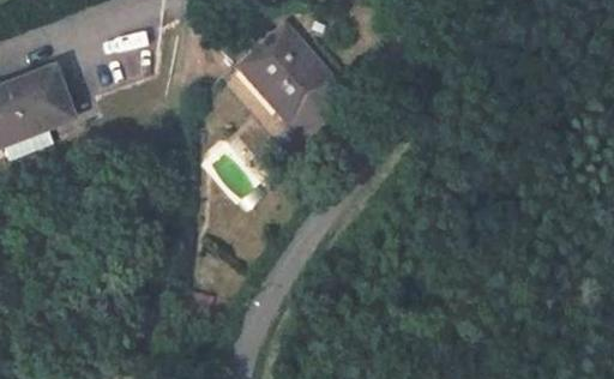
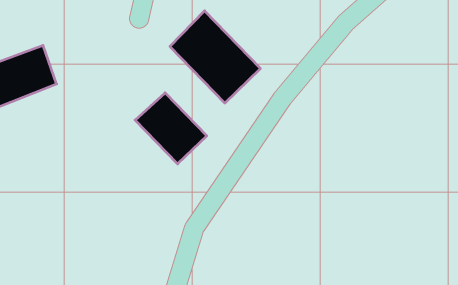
building: none -> [135,93,207,164]

